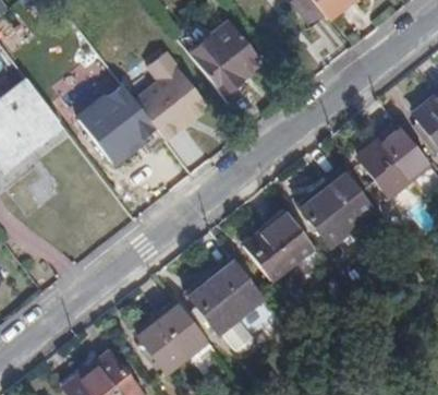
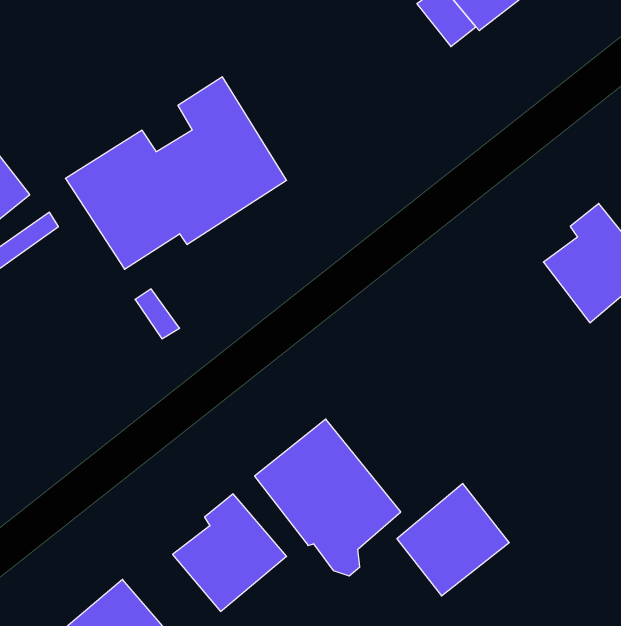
building: [185,23,259,97] -> none
building: [299,169,378,248] -> none
building: [247,213,316,282] -> [397,484,509,596]

